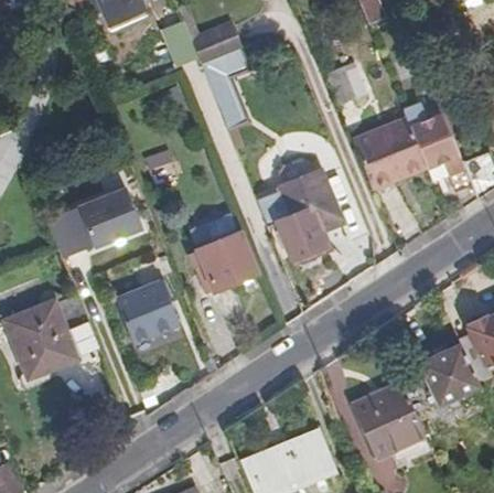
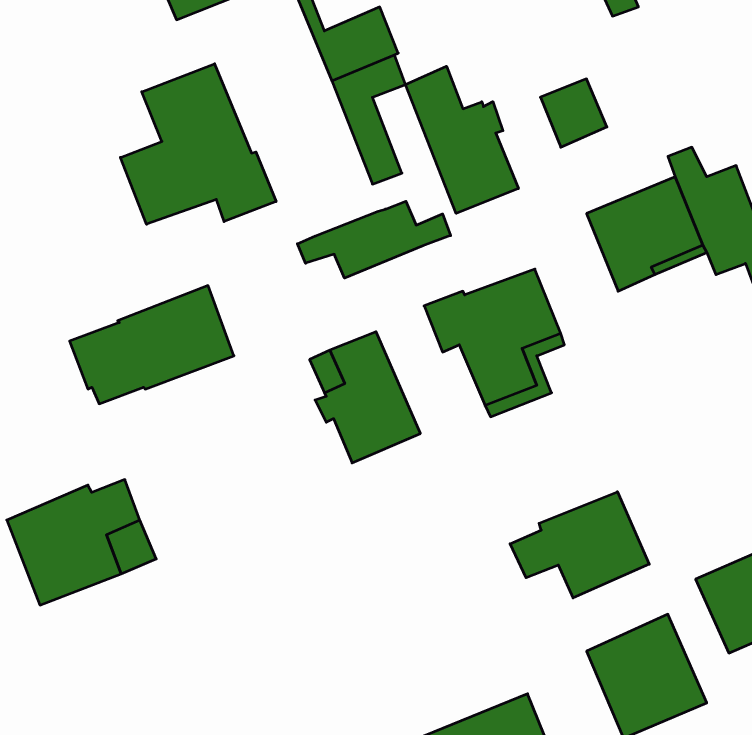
building: none -> [120,64,276,224]
building: none -> [406,66,518,213]
building: none -> [297,201,451,278]
building: [112,279,180,343] -> none
building: none -> [510,492,649,598]

